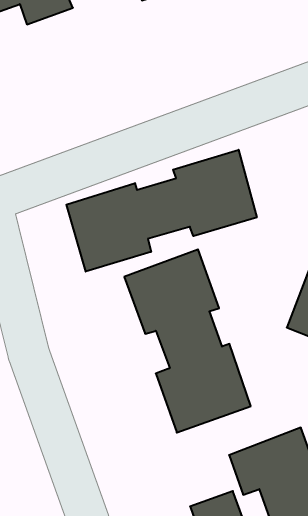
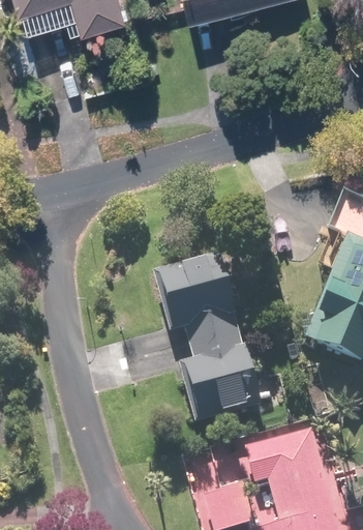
building: [66,150,257,272] -> none

